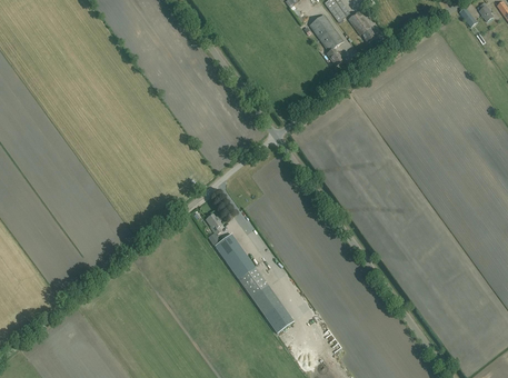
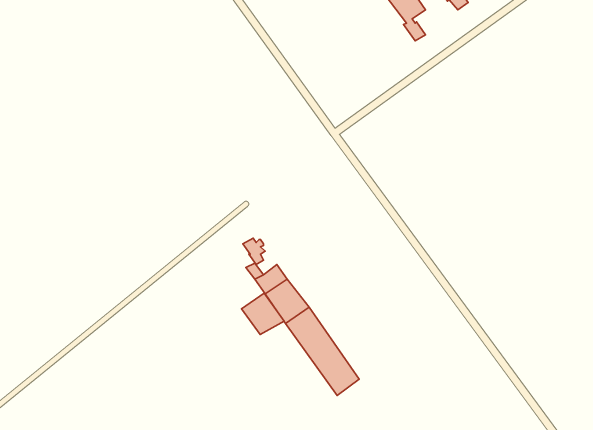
building: none -> [242,293,284,335]

